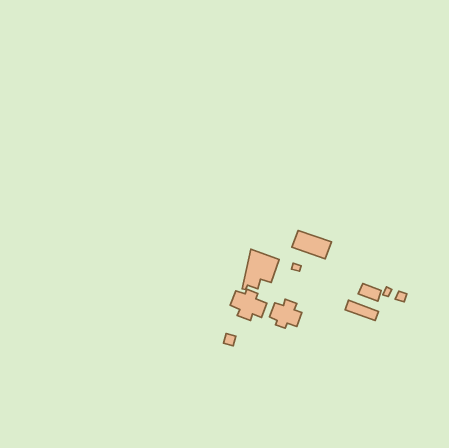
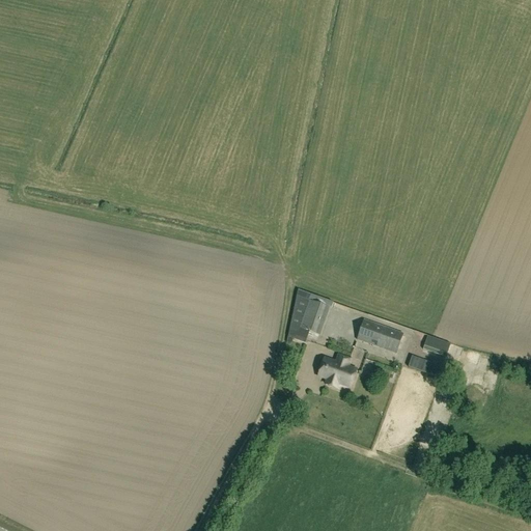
building: [292,231,331,259] -> [356,318,402,352]
building: [230,289,267,320] -> none

